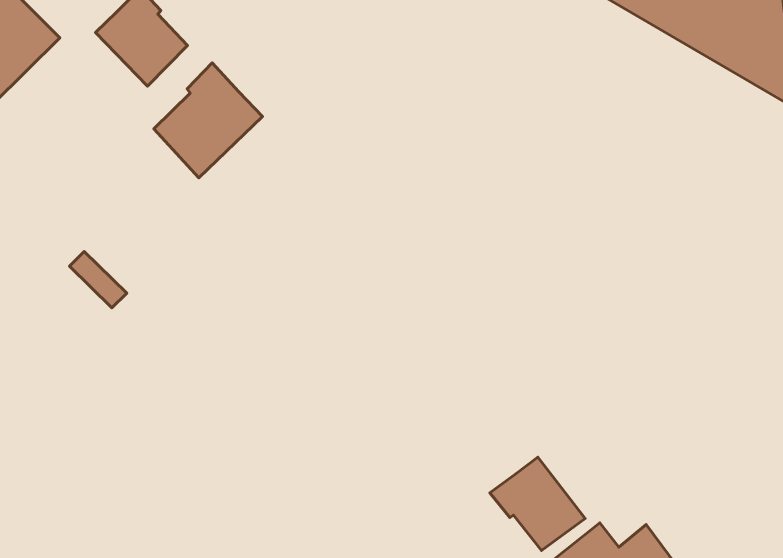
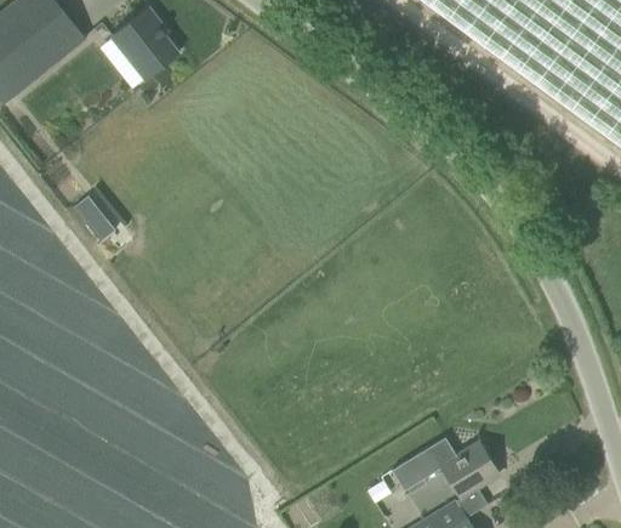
building: [154,63,262,178] -> none
building: [490,457,585,551] -> none

